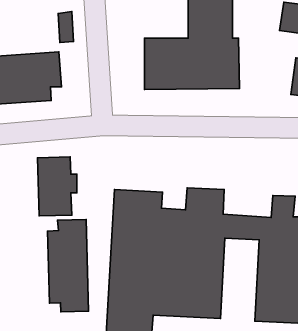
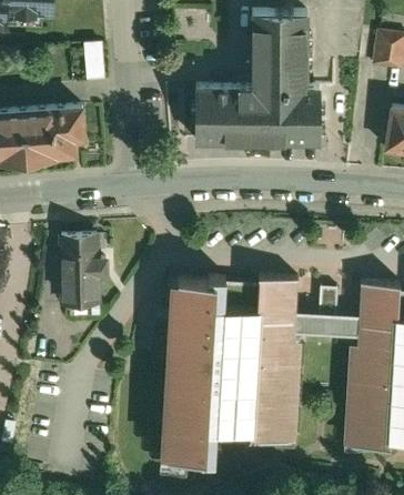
building: [47,219,89,312] -> none

